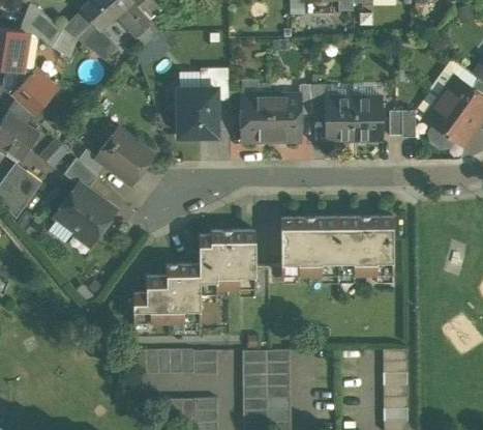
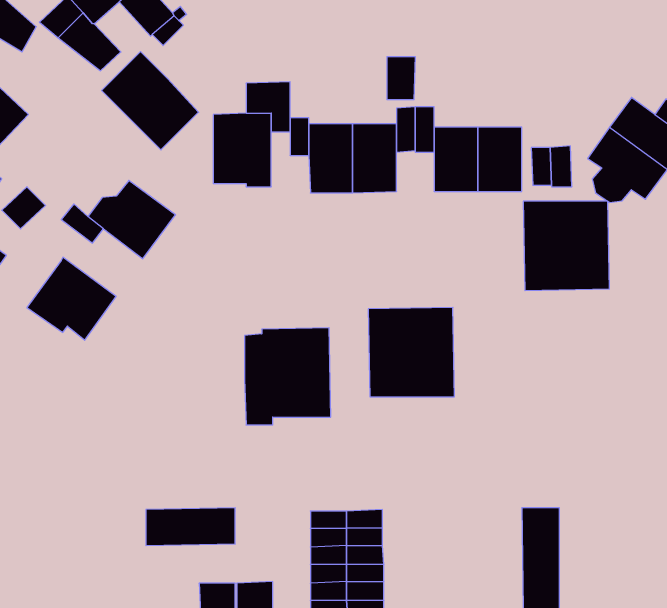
building: none -> [102,52,199,150]
building: none -> [387,57,415,100]
building: [64,157,98,190] -> none
building: [337,217,394,276] -> [523,201,609,291]
building: [133,264,201,323] -> none
building: [193,350,217,374] -> none

